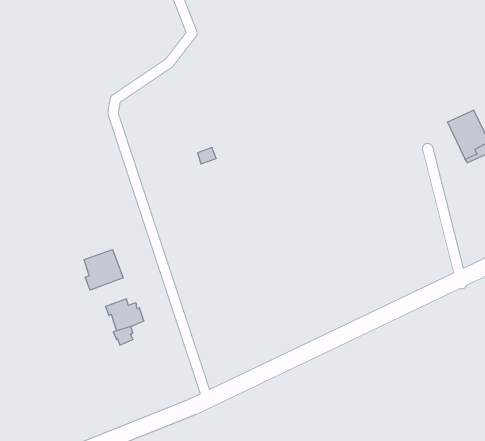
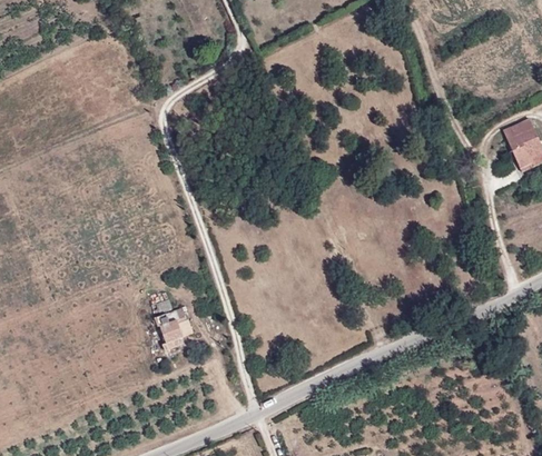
building: [84,250,123,290] -> none

